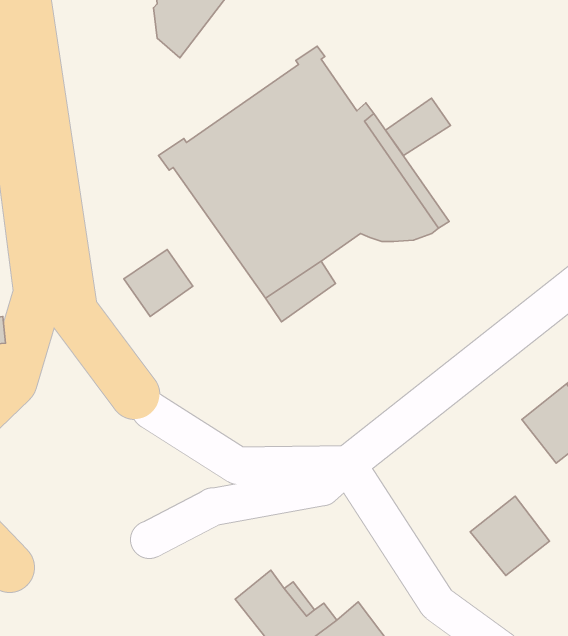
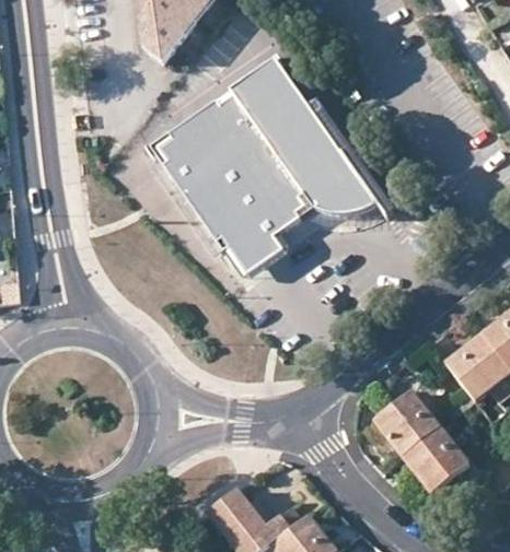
building: [386,98,450,155] -> none
building: [124,250,193,317] -> none
building: none -> [373,390,439,456]

